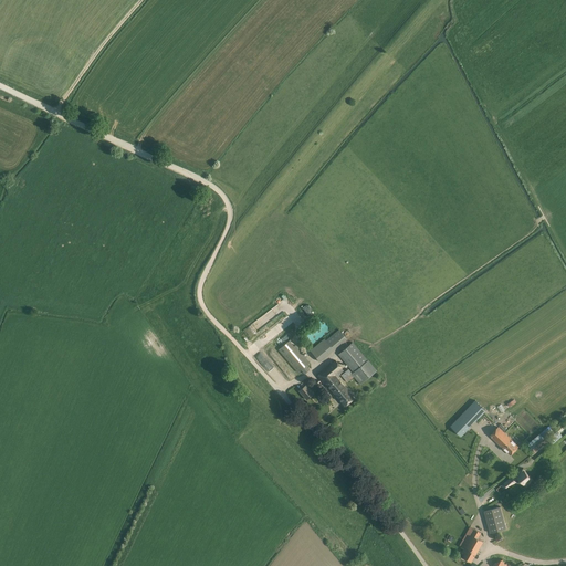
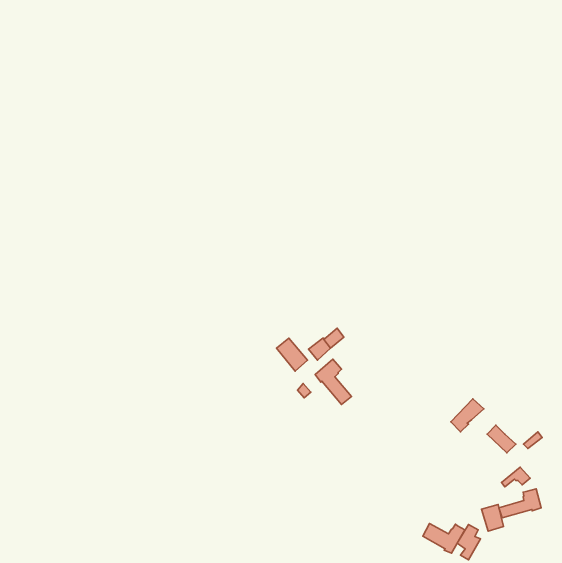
building: [337,342,376,384] -> none
building: none -> [499,489,541,518]
building: none -> [423,523,465,553]

